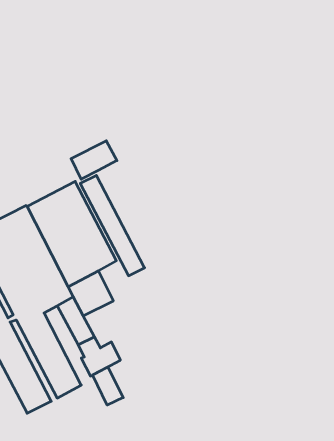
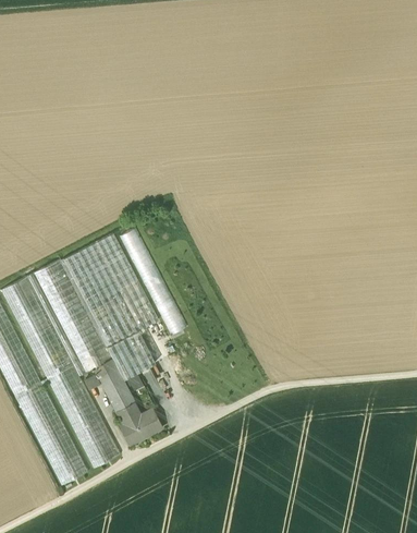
building: [71,141,117,179] -> none
building: [93,367,123,405] -> none

